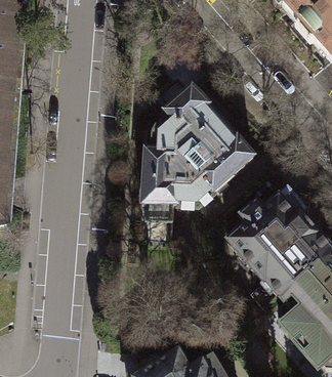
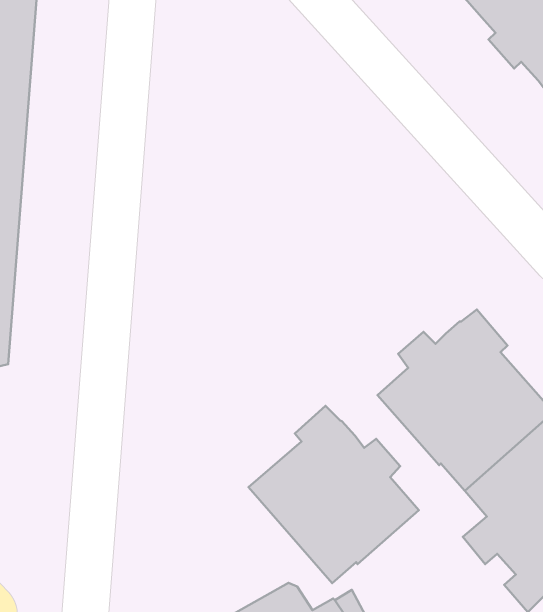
building: [143,76,254,204] -> none
building: none -> [249,406,419,583]

